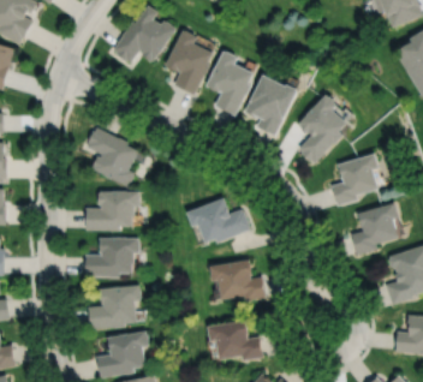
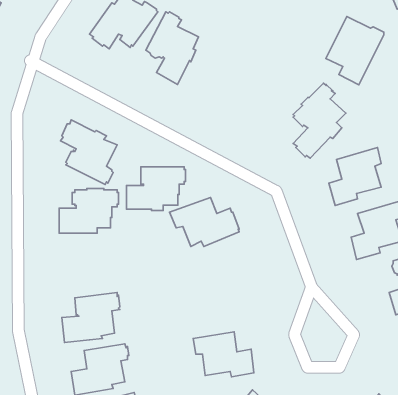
building: [205,49,254,115] -> none
building: [244,73,297,136] -> [326,16,384,85]
building: [85,238,139,277] -> [126,167,186,210]
building: [210,259,267,300] -> none

